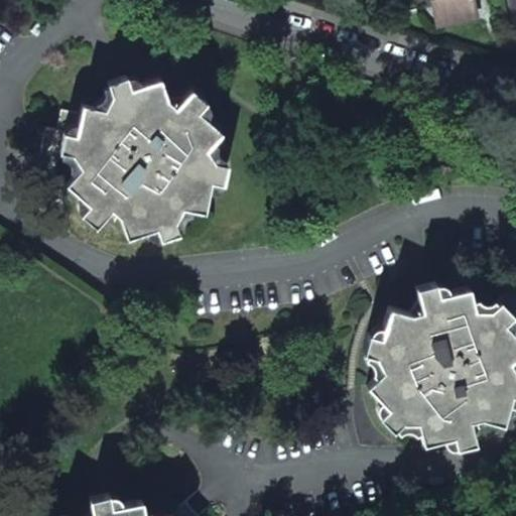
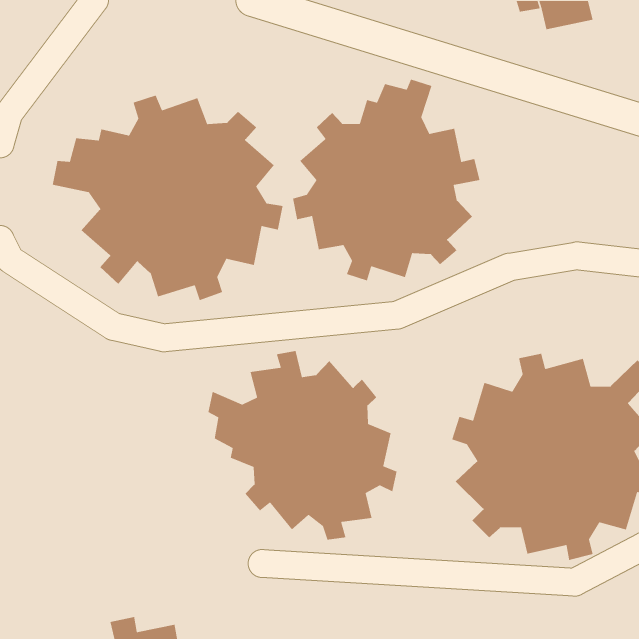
building: none -> [292,78,480,282]
building: none -> [208,350,398,541]

